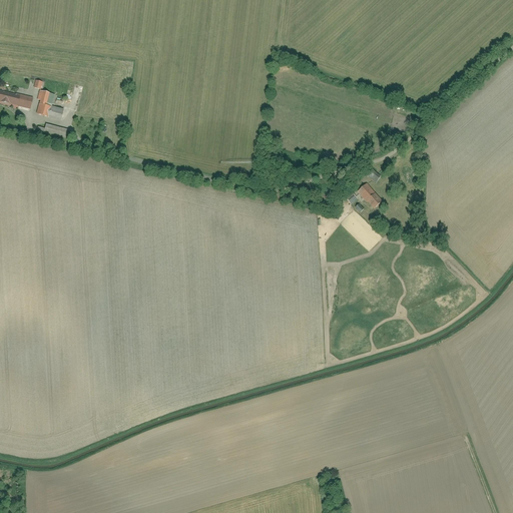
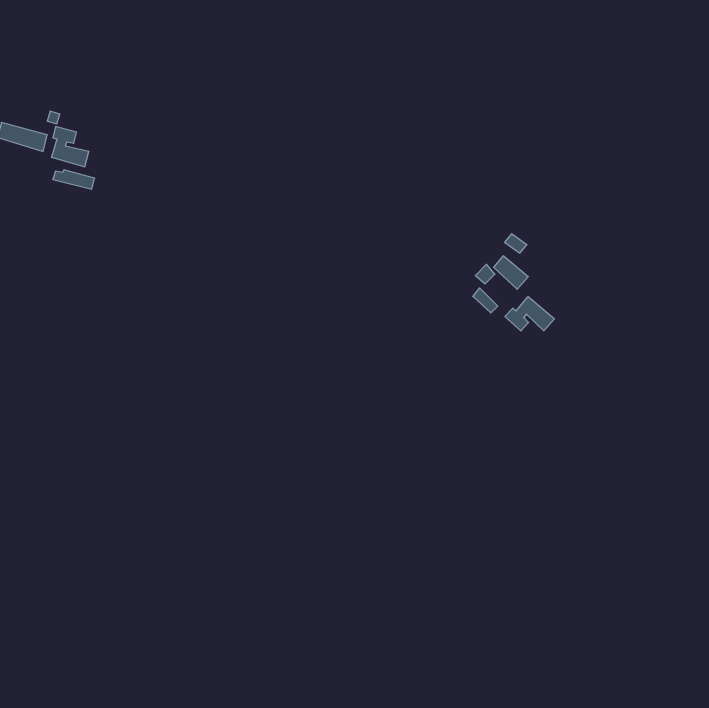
building: none -> [505,297,554,331]

